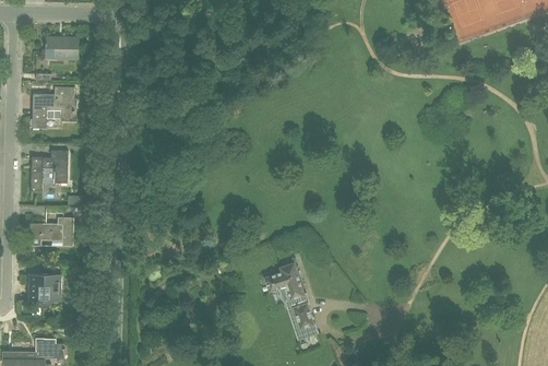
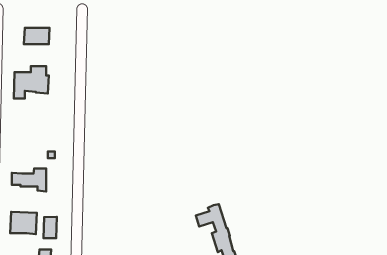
building: [31,150,68,191] -> none
building: none -> [43,217,57,238]

